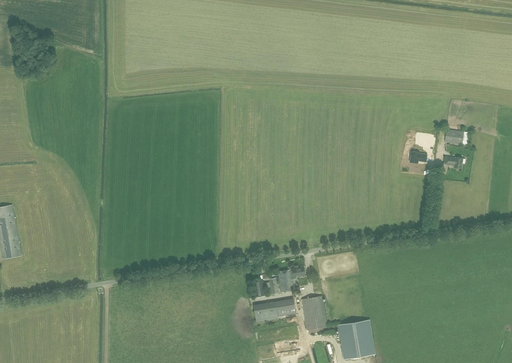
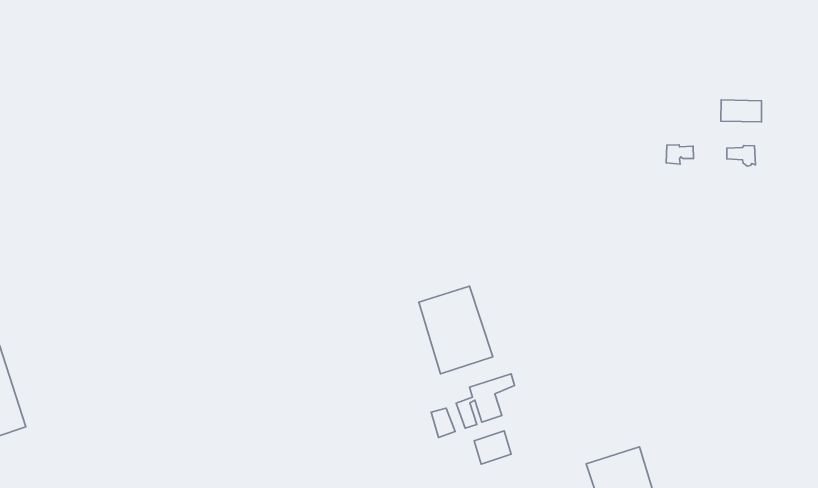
building: none -> [419,286,493,374]
building: [301,295,327,329] -> none
building: [253,301,277,321] -> none

